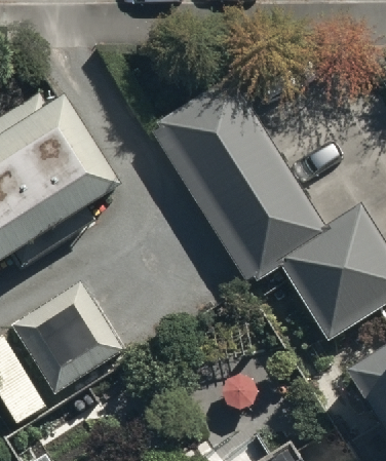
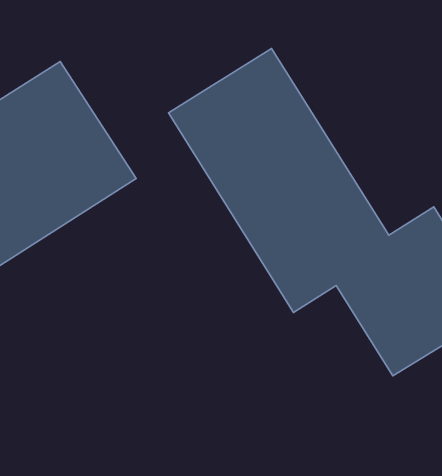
building: [20,280,129,390] -> none

